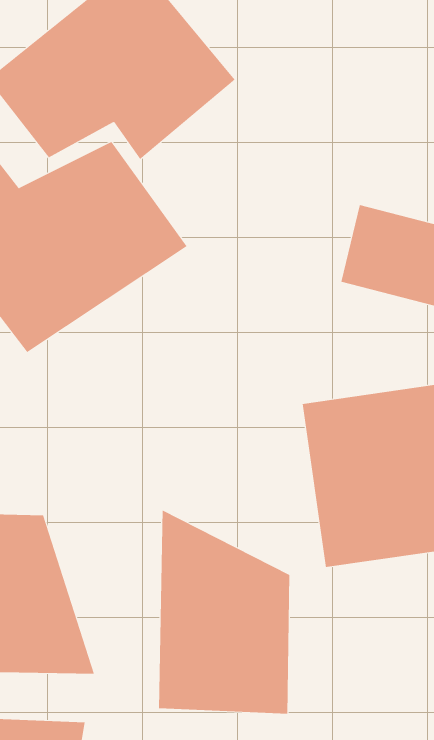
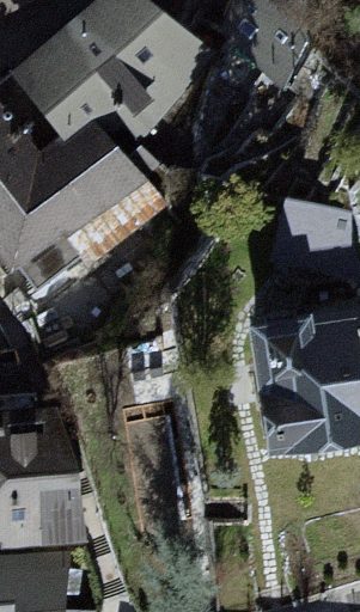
building: [159,509,290,715] -> none

